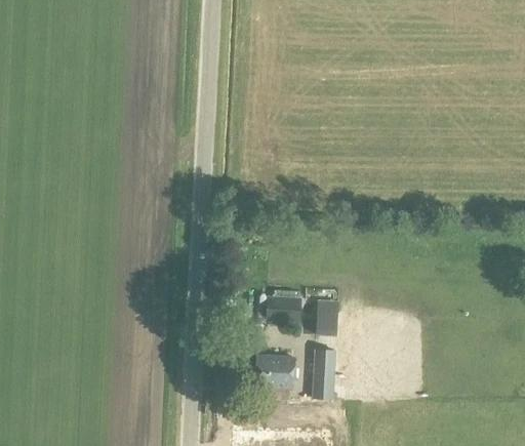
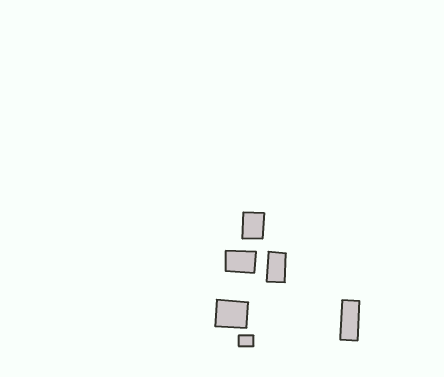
building: none -> [243,212,264,239]
building: [313,349,335,396] -> [340,300,359,340]

